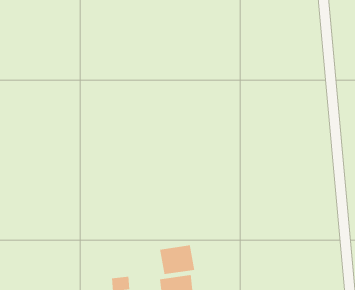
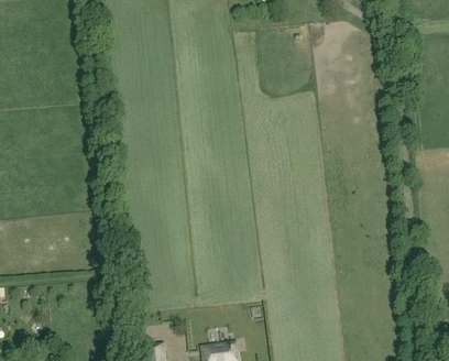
building: [160,245,195,275] -> none

